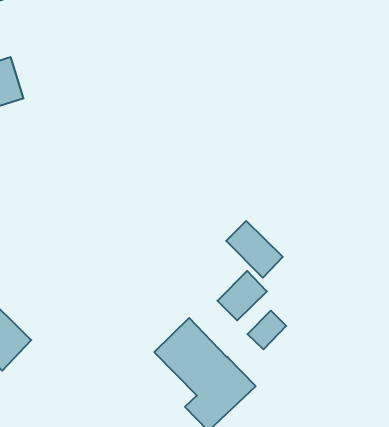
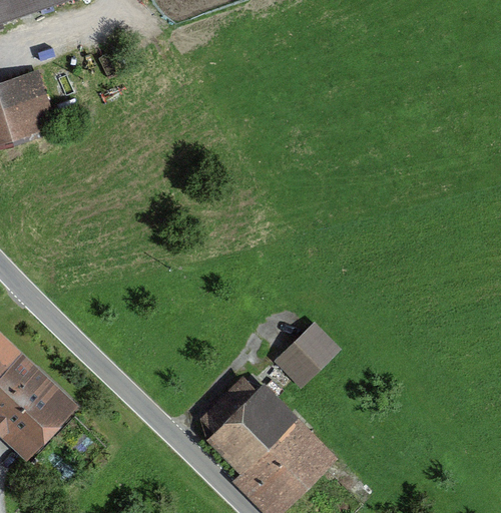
building: [226,221,283,278] -> none
building: [247,311,286,349] -> none

